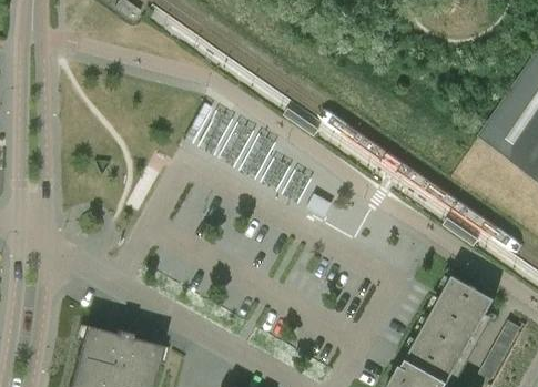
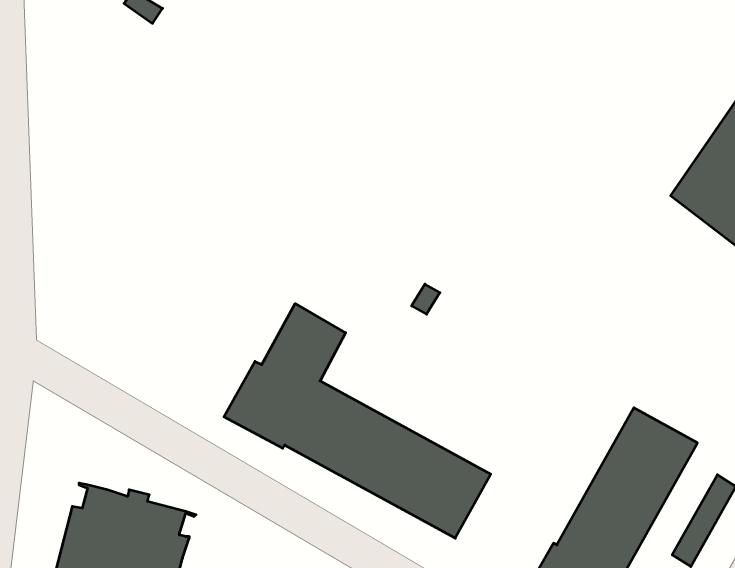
building: none -> [224,304,491,538]

